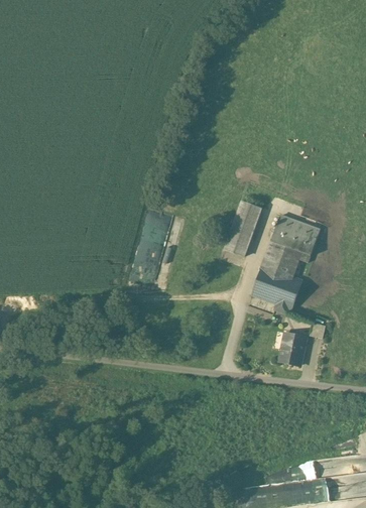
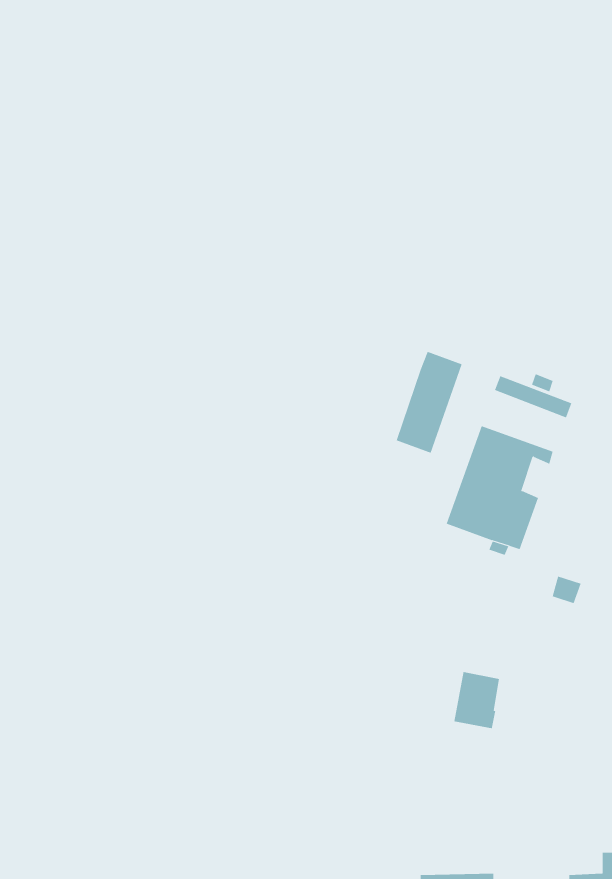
building: [270,223,317,256] -> none
building: [279,334,304,365] -> [453,671,500,729]

